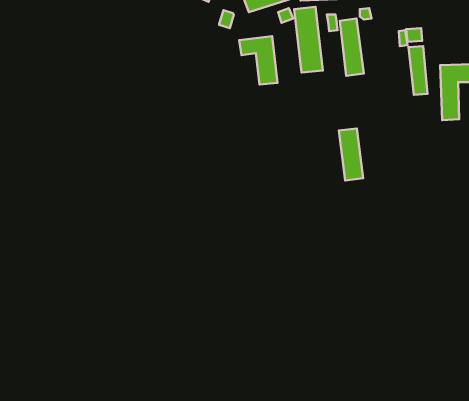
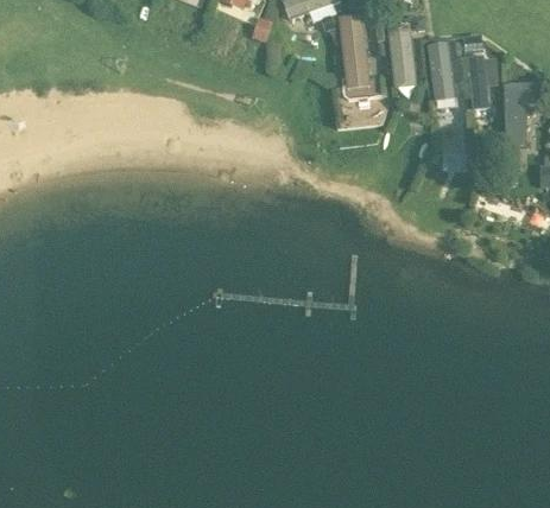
building: [239,36,277,84] -> none
building: [339,129,363,180] -> [429,46,456,104]

